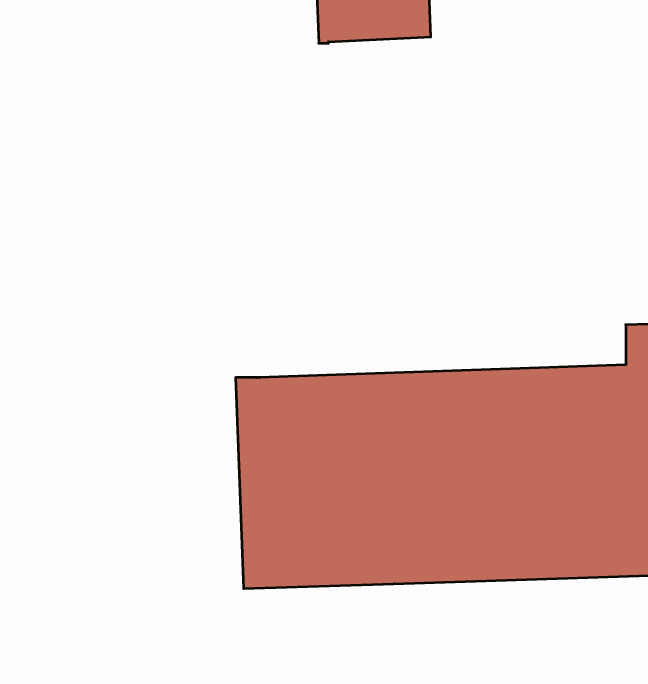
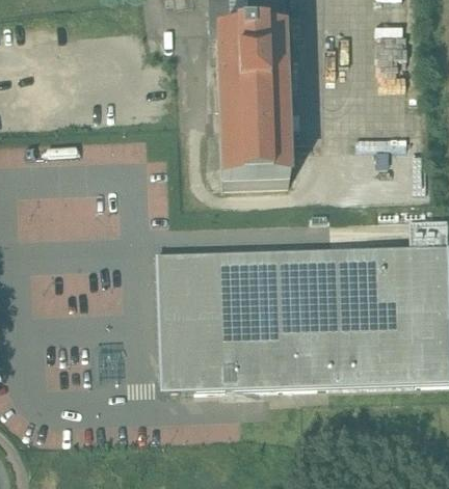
building: none -> [218,34,291,186]

